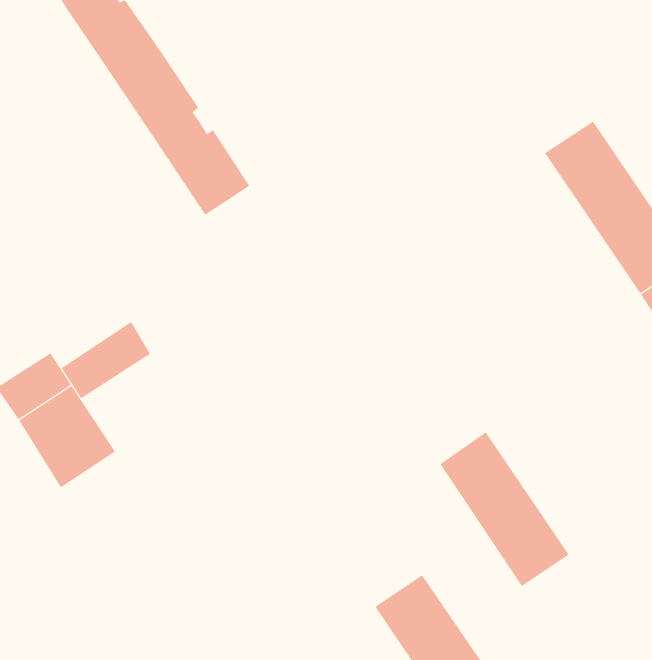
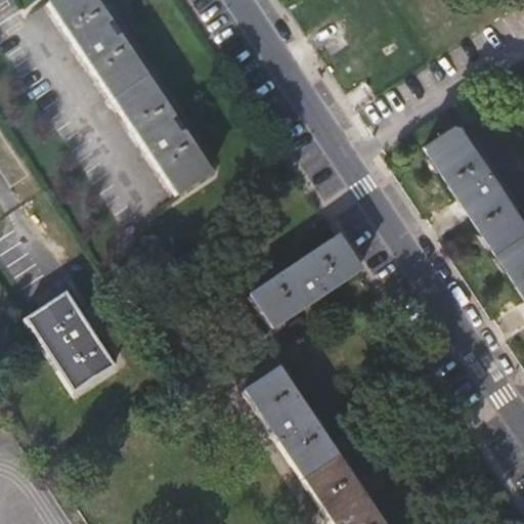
building: none -> [251,234,361,326]
building: [61,321,151,399] -> none
building: [440,431,570,587] -> [243,363,337,476]

